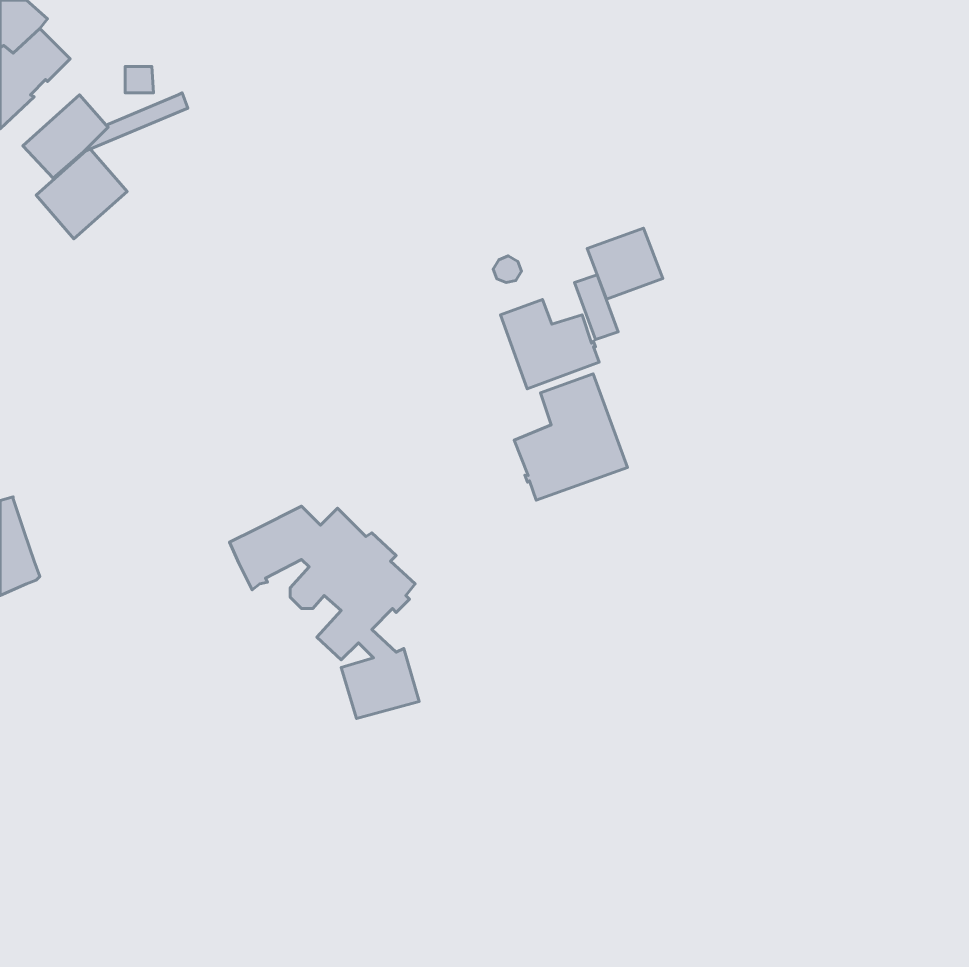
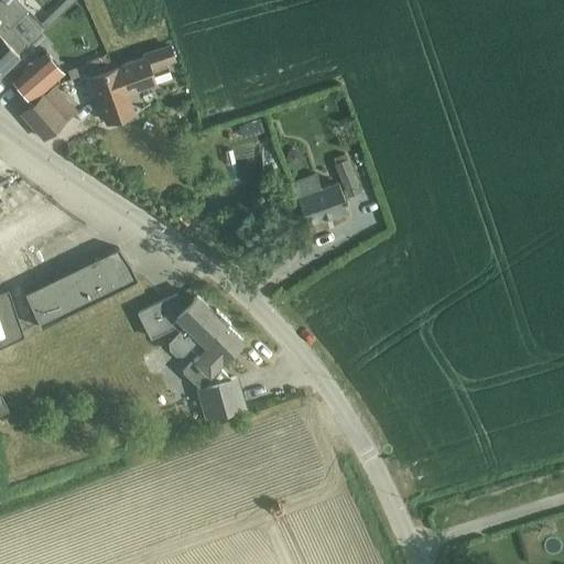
building: none -> [90,47,174,122]
building: [587,228,663,299] -> none
building: [514,374,628,500] -> none
building: none -> [24,249,137,328]

